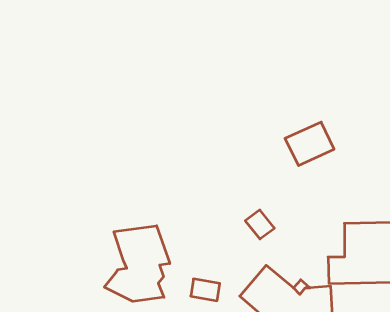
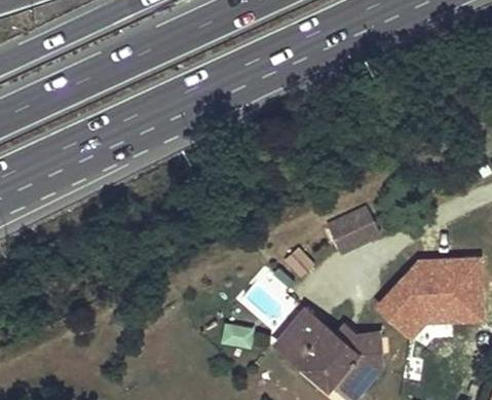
building: [285,122,334,166] -> [324,206,379,255]
building: [104,226,170,301] -> none

